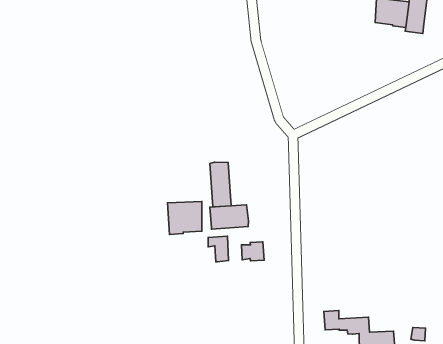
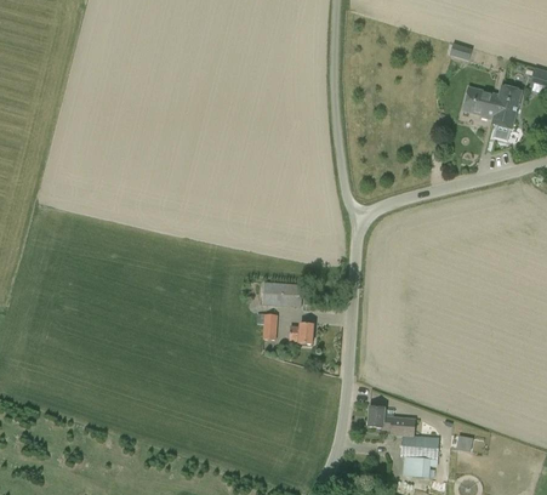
building: [210,162,231,207] -> none
building: [167,201,202,235] -> none

